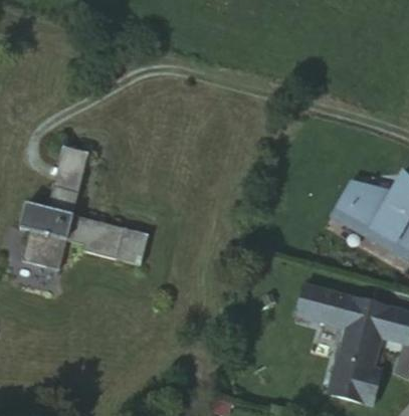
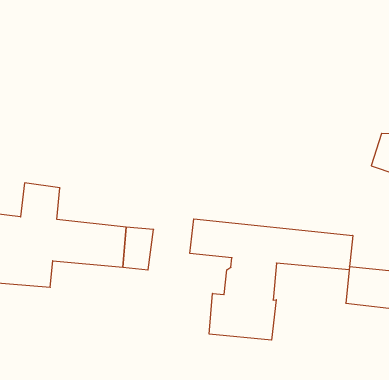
building: [51,148,89,190] -> none
building: none -> [190,219,353,340]

